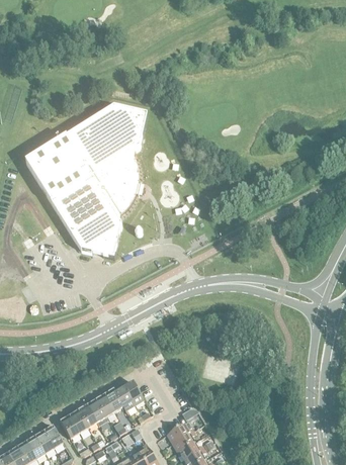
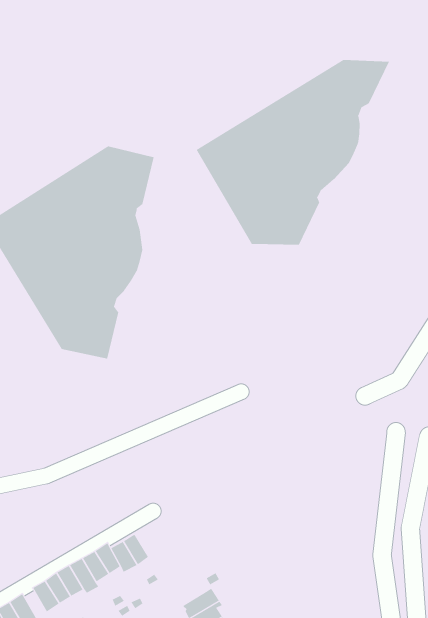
building: none -> [196,59,390,245]

